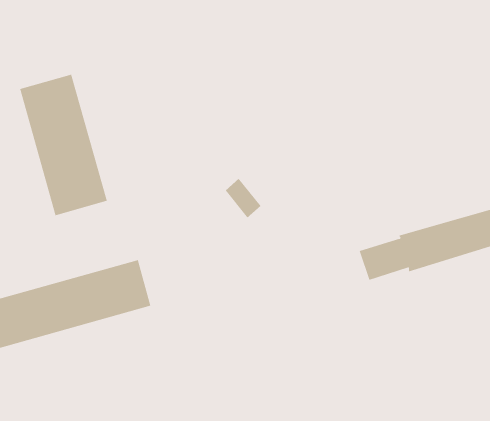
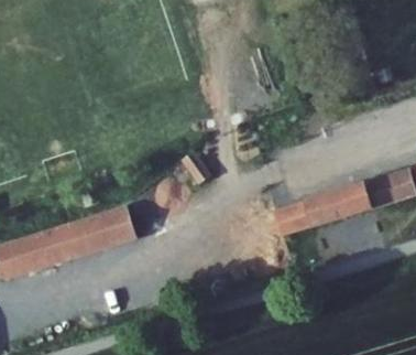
building: [19,74,107,216] -> none

